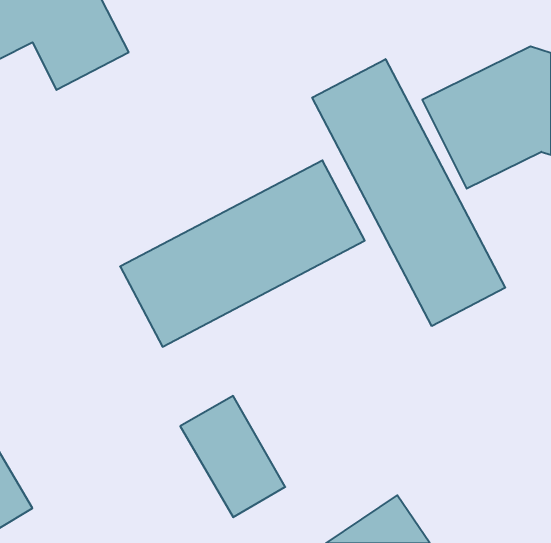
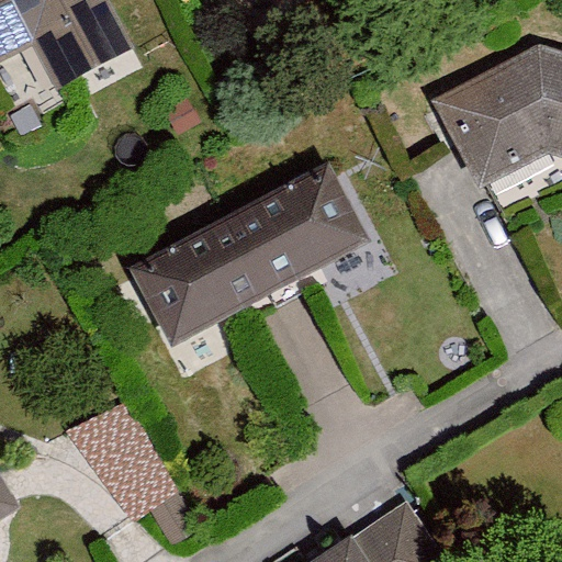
building: [312,59,505,326] -> none
building: [180,396,285,517] -> [71,390,178,513]

